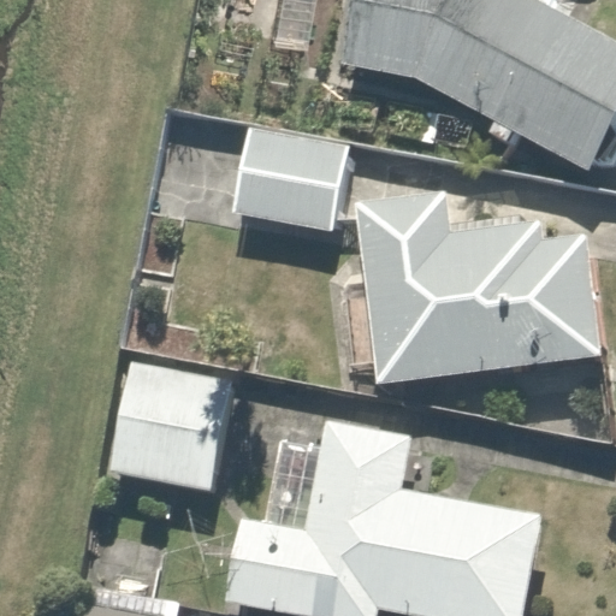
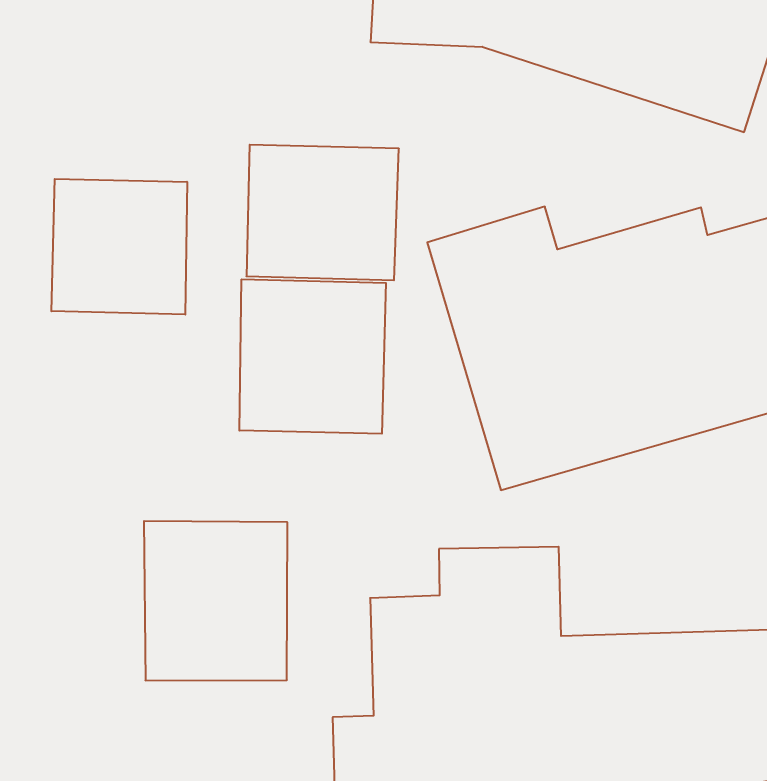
building: none -> [51,179,187,315]
building: none -> [239,279,386,434]

